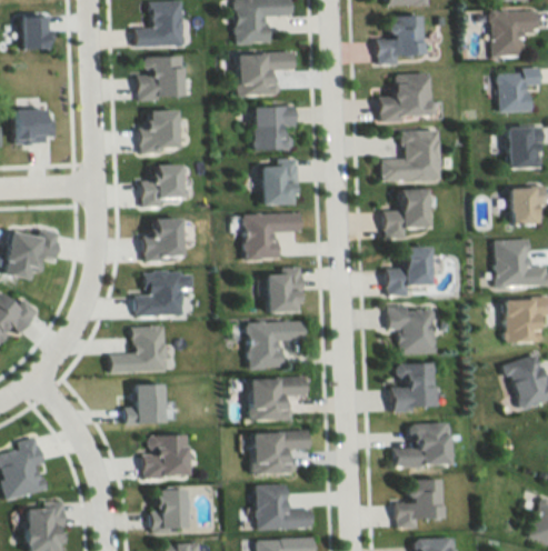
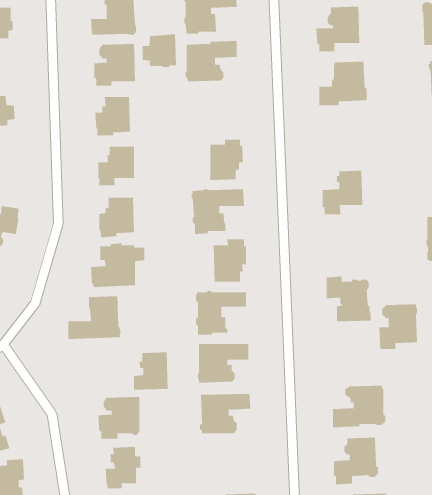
building: none -> [142,34,176,68]
building: [253,107,297,151] -> none
building: [381,131,441,182] -> none
building: [385,249,429,297] -> none
building: [392,361,435,410] -> [379,304,418,350]
building: [127,381,165,422] -> [133,352,169,390]
building: [256,483,312,529] -> none

